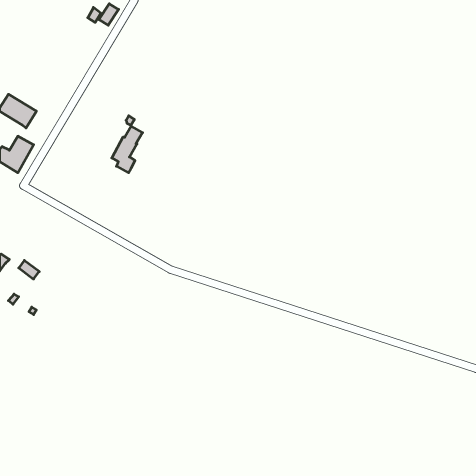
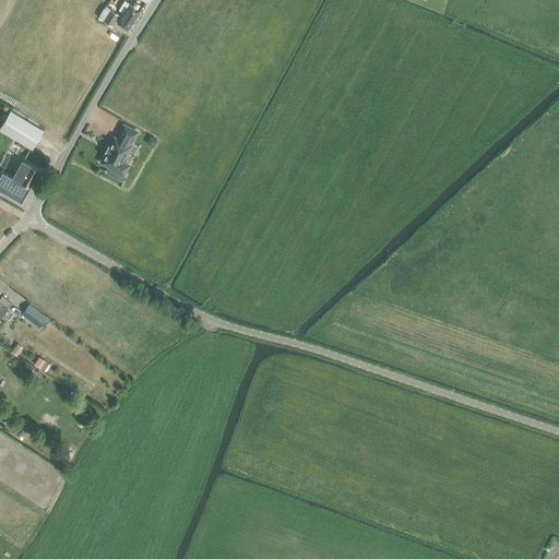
building: [112,126,143,173] -> [100,126,136,180]

